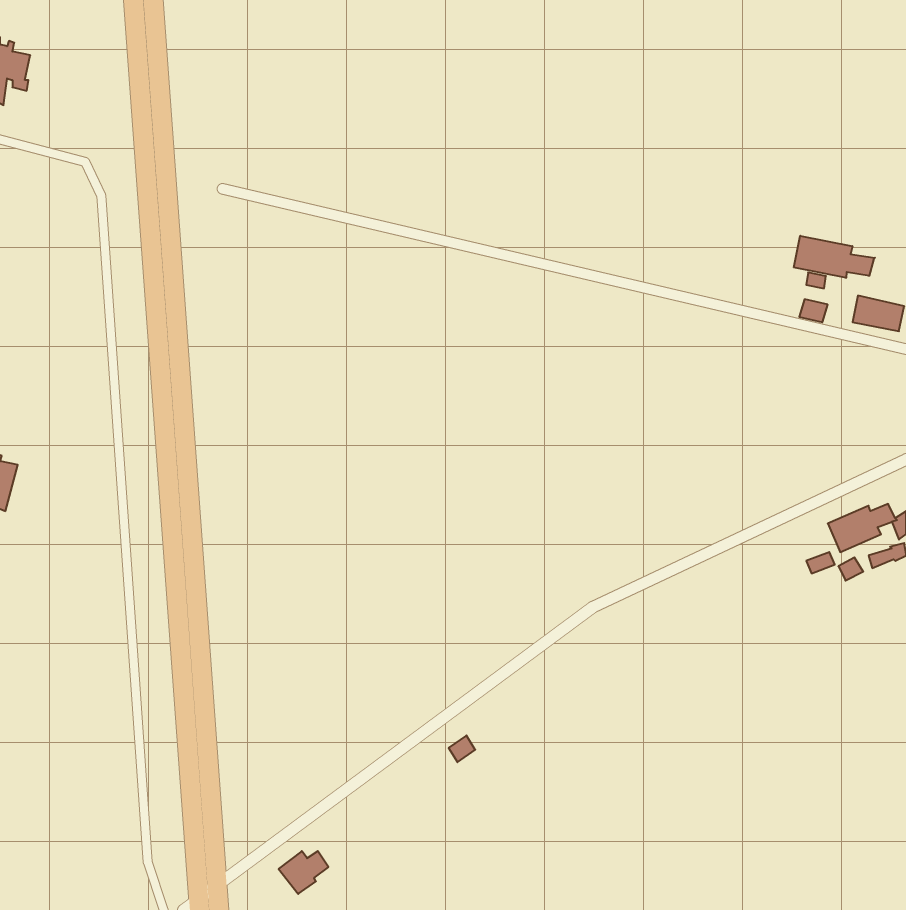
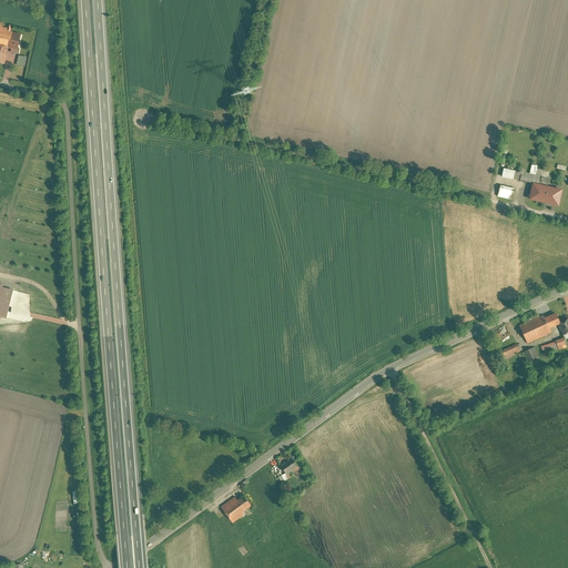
building: [794,236,875,278] -> none
building: [279,851,328,894] -> [219,496,250,523]

